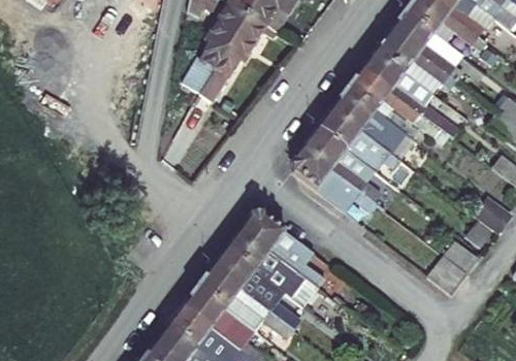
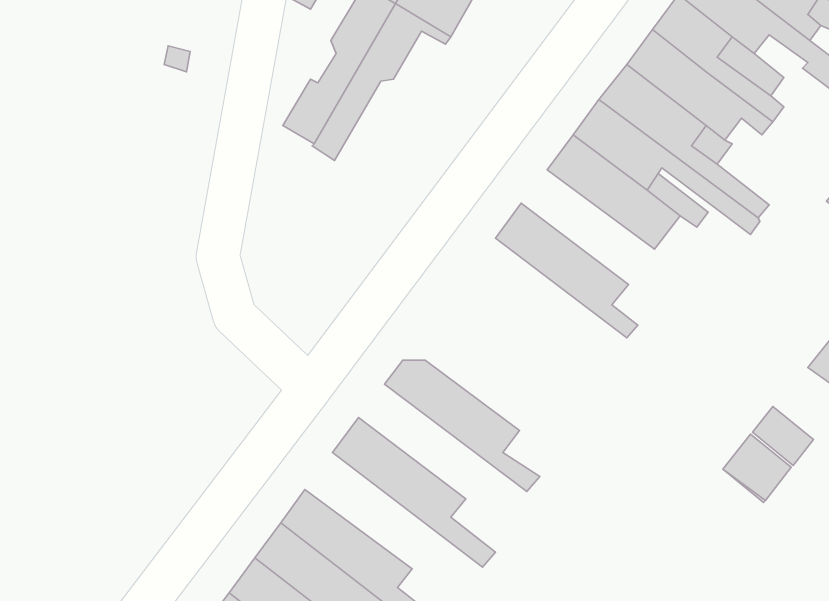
building: [317,109,402,173] -> none
building: [292,147,379,214] -> none
building: [226,229,320,308] -> none
building: [196,267,295,340] -> none

